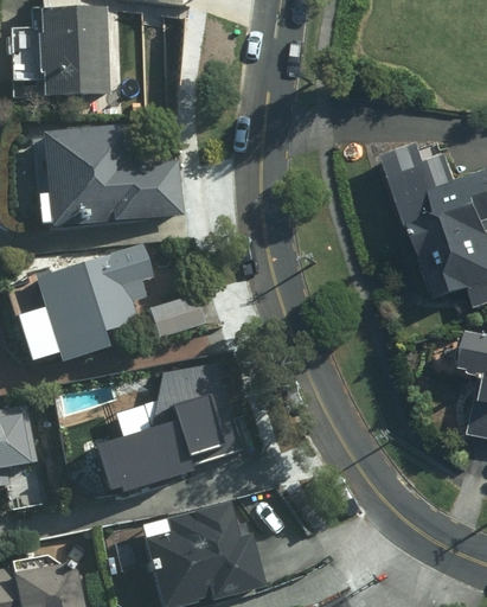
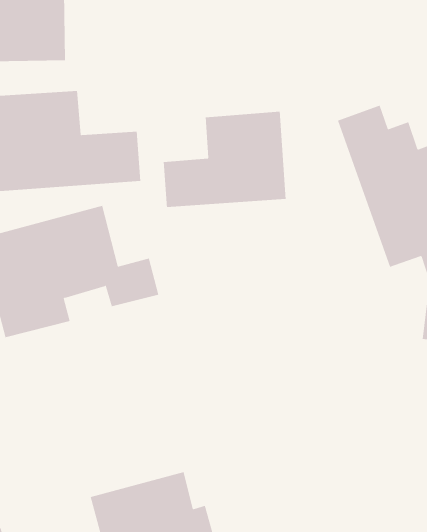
building: none -> [163,111,286,208]
building: [96,373,241,504] -> none

